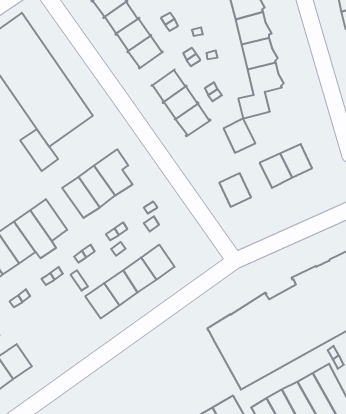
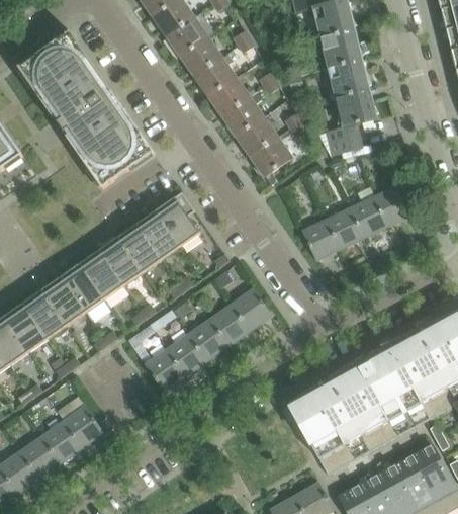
building: none -> [207,77,249,116]
building: [224,118,255,153] -> [326,207,363,248]
building: [20,129,58,171] -> [97,237,142,286]
building: none -> [231,288,271,330]
building: none -> [63,406,102,447]

